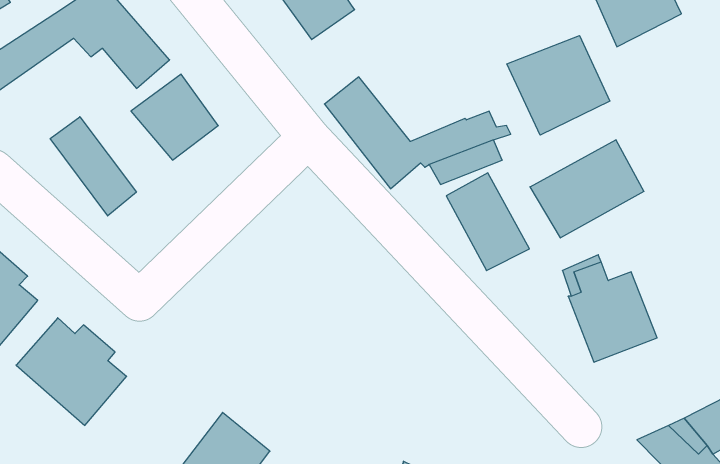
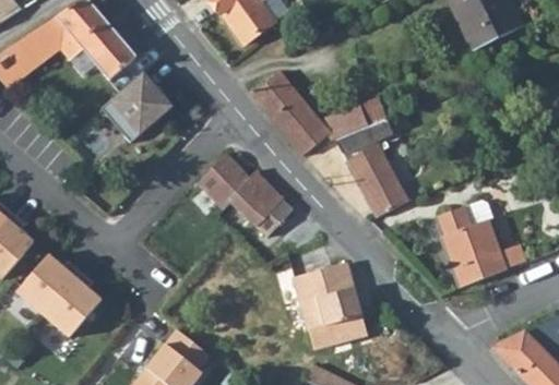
building: [507,36,610,135] -> none
building: [50,117,136,216] -> none
building: [530,140,644,238] -> none
building: none -> [188,154,285,227]
building: none -> [295,262,366,350]

